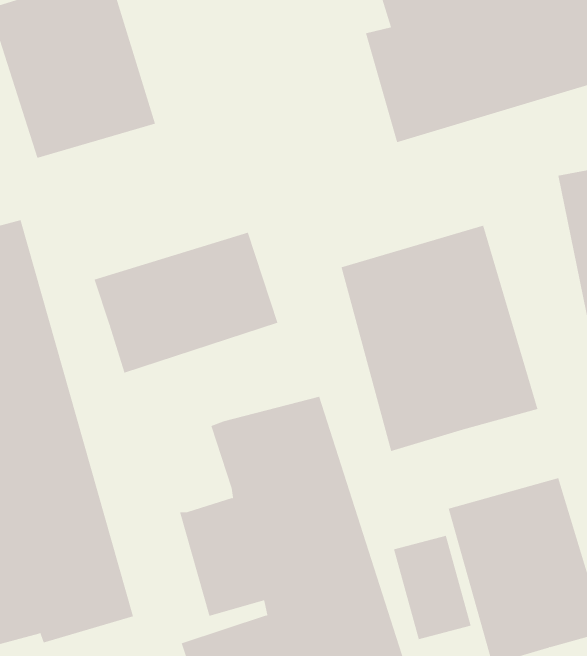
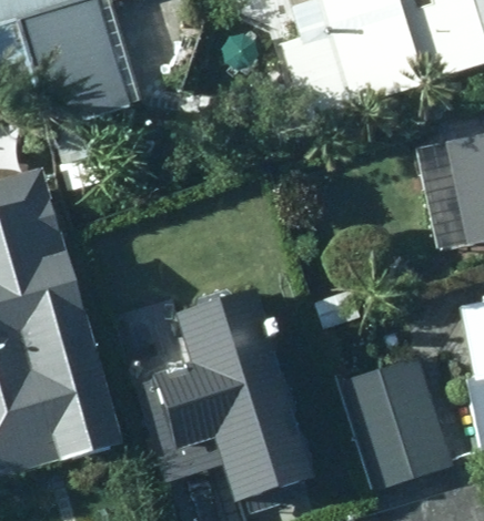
building: [341,225,538,452] -> none
building: [94,232,278,374] -> none

